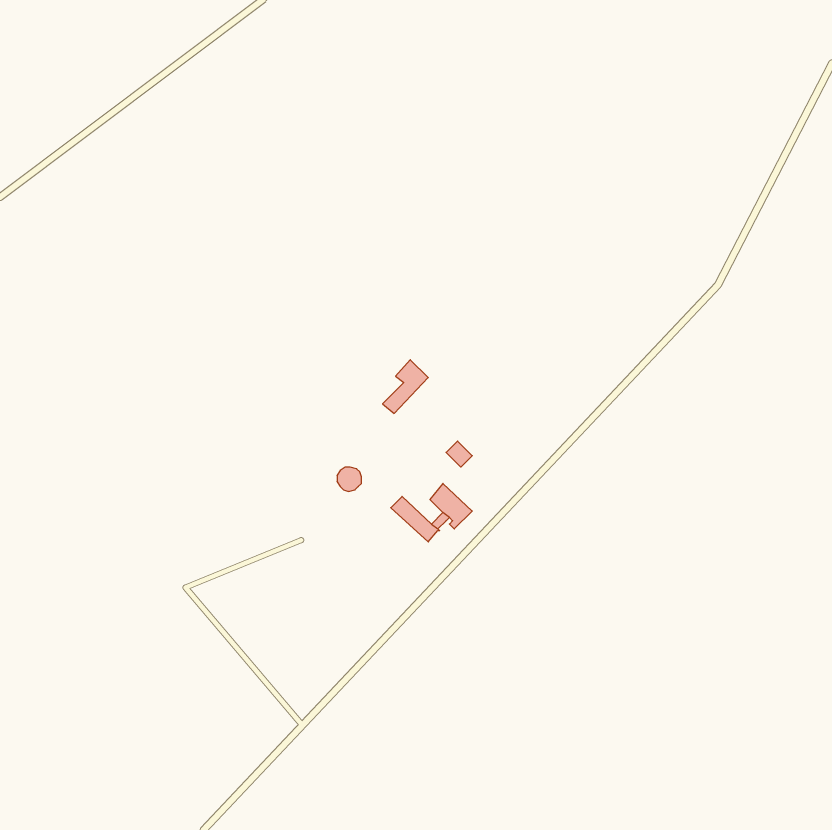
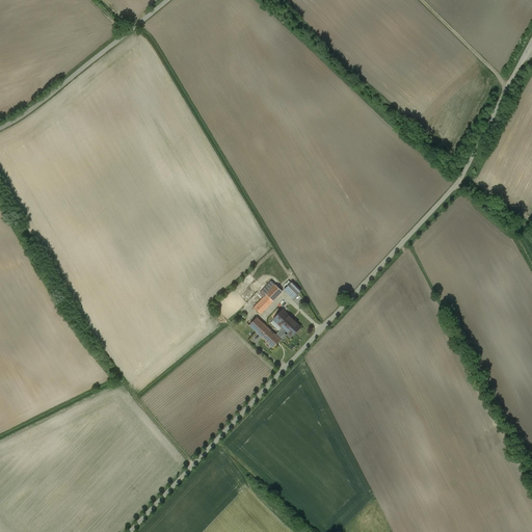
building: [383,360,428,413] -> [254,280,283,314]

